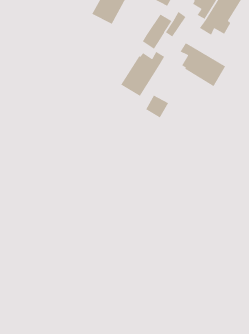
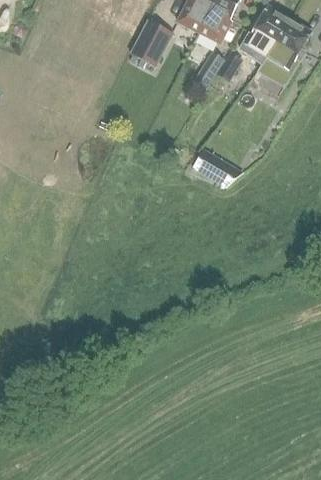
building: [180,42,226,87] -> none
building: [120,51,165,97] -> none

